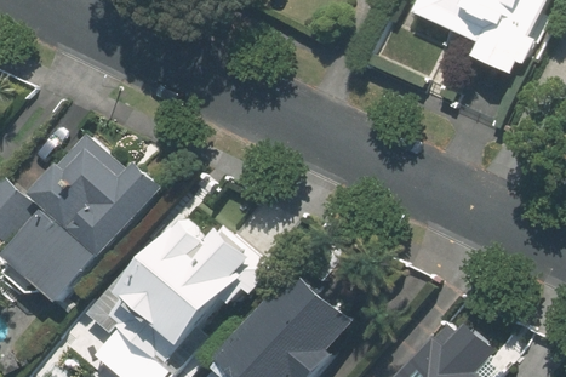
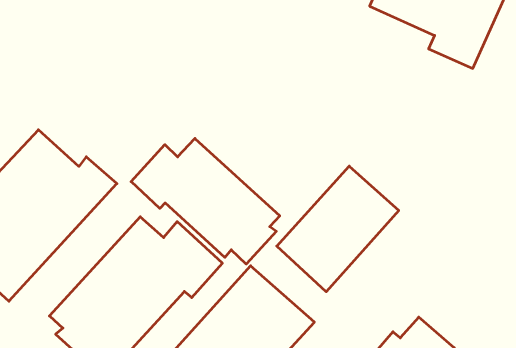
building: none -> [131,138,280,264]
building: none -> [277,166,399,292]

